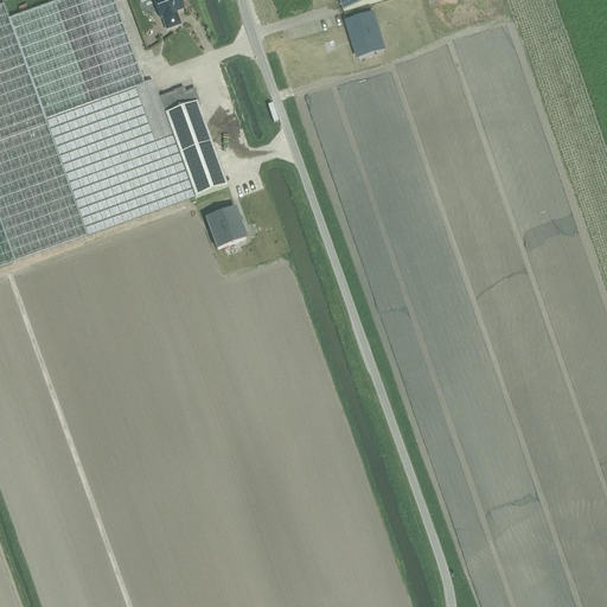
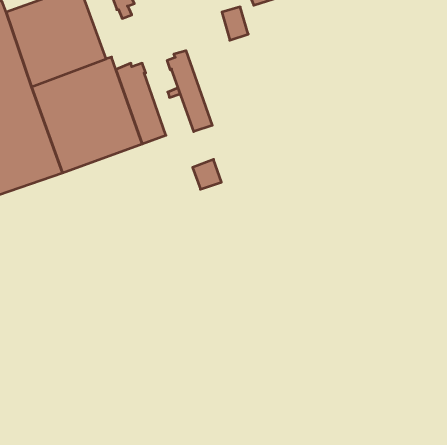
building: [346,11,382,56] -> [222,7,248,40]
building: none -> [167,51,212,132]
building: [204,205,243,245] -> [193,159,221,189]

